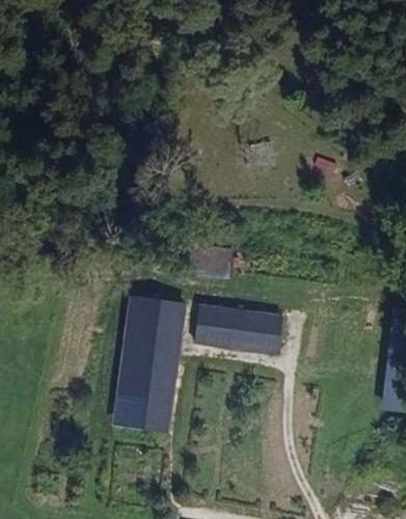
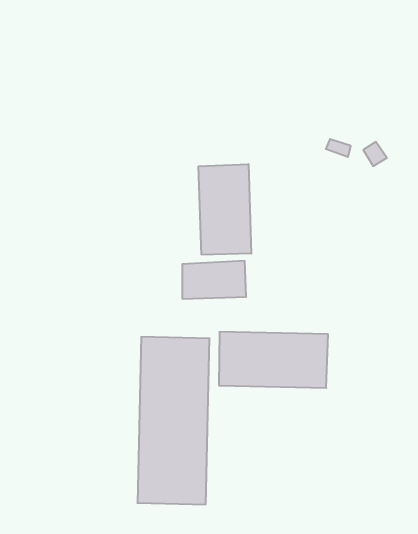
building: none -> [199,164,251,255]

